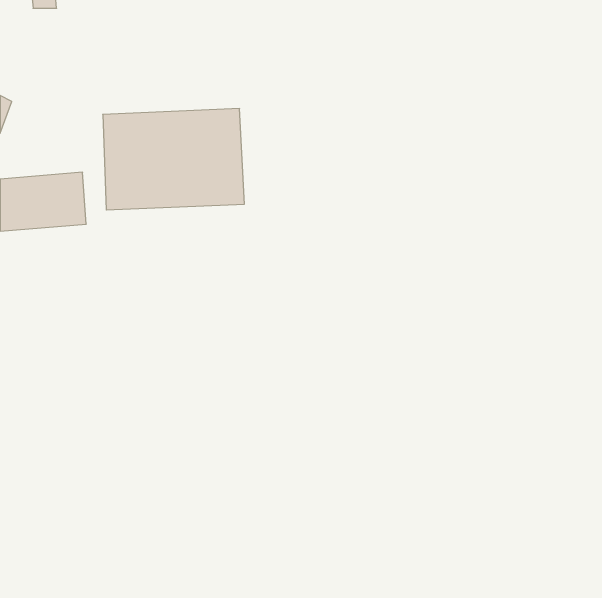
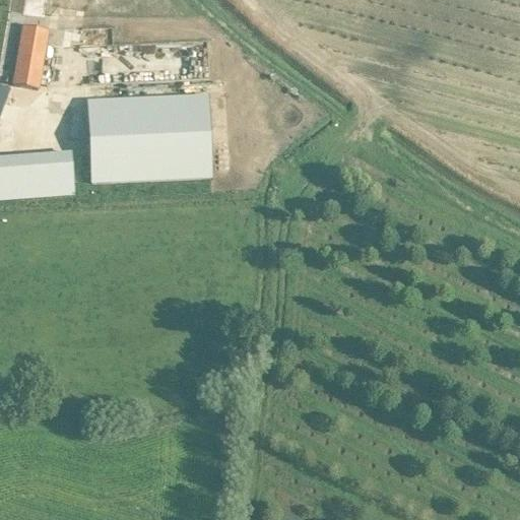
building: none -> [11,23,51,87]

